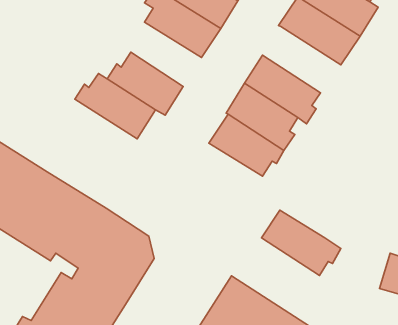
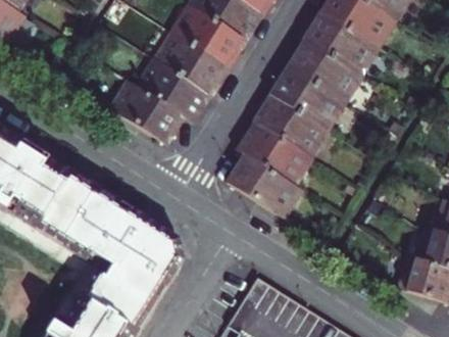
building: none -> [153,34,229,95]
building: none -> [287,38,363,103]
building: [262,210,341,275] -> [227,154,302,216]

